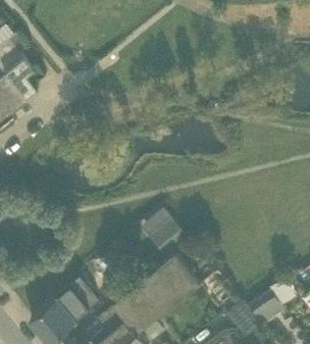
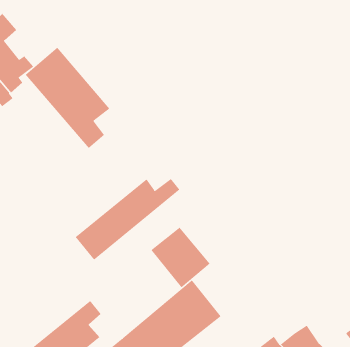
building: none -> [25,47,110,149]
building: none -> [75,178,180,261]

